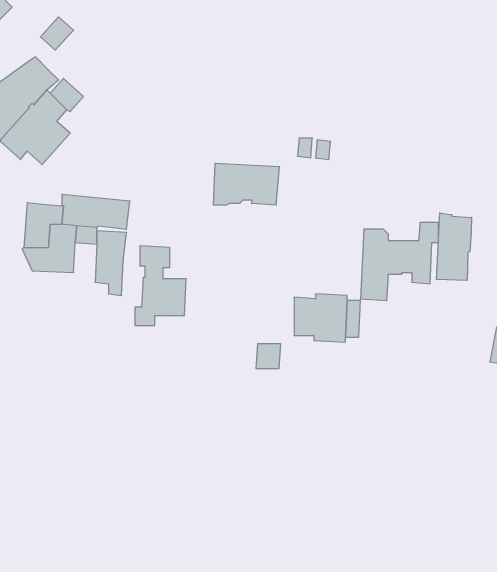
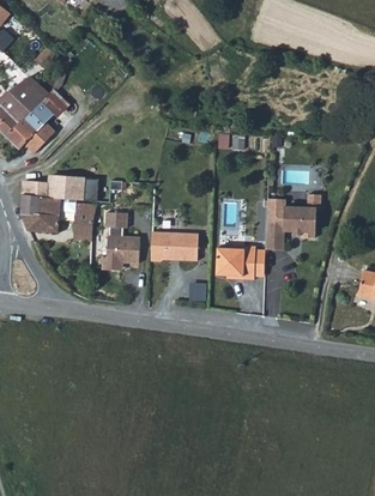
building: [213,163,280,205] -> [151,223,199,253]
building: [437,213,472,280] -> none

